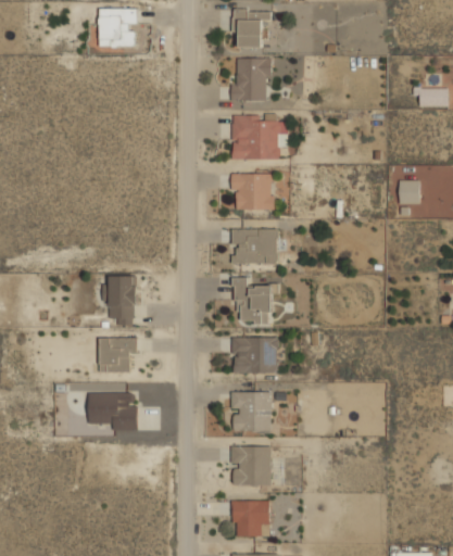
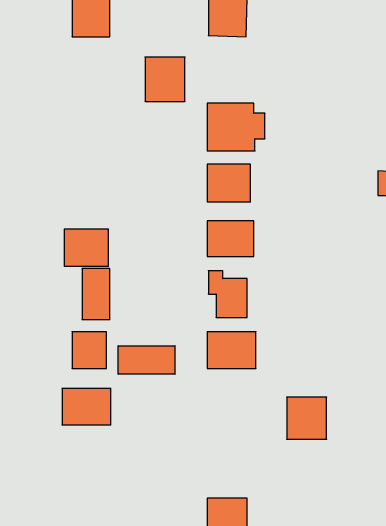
building: [232,58,272,101] -> [145,57,185,101]
building: none -> [64,229,108,266]
building: none -> [118,346,175,374]
building: [232,391,272,432] -> [287,397,327,439]
building: [232,445,272,485] -> none

